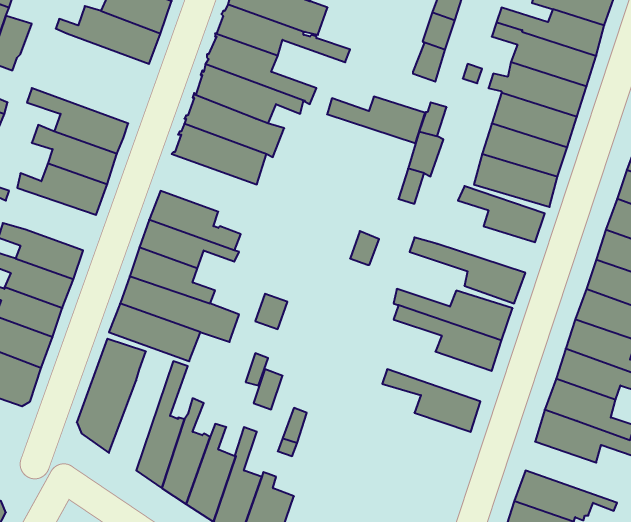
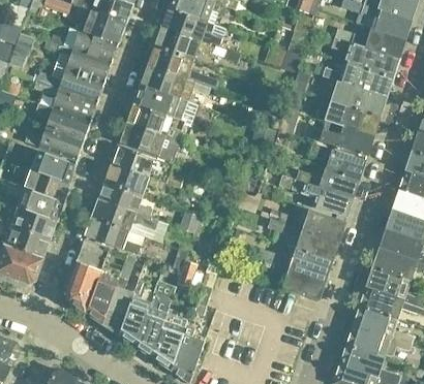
building: none -> [35,43,111,101]
building: [327,97,425,143] -> [296,167,359,197]
building: none -> [119,121,180,161]
building: none -> [27,148,75,183]
building: none -> [85,248,127,324]
building: none -> [259,248,331,280]
building: none -> [353,306,415,345]

